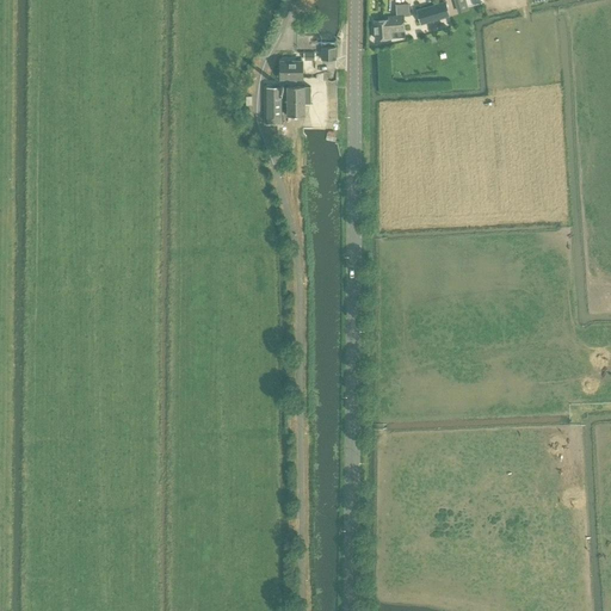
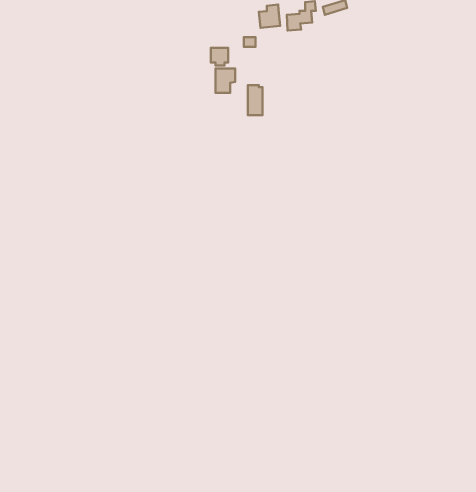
building: none -> [259,5,280,28]
building: [264,88,282,125] -> [248,85,263,115]

